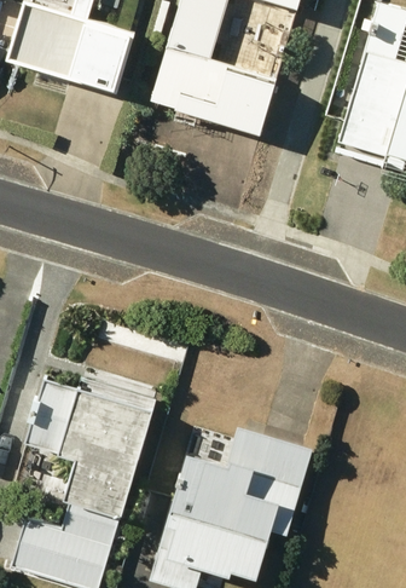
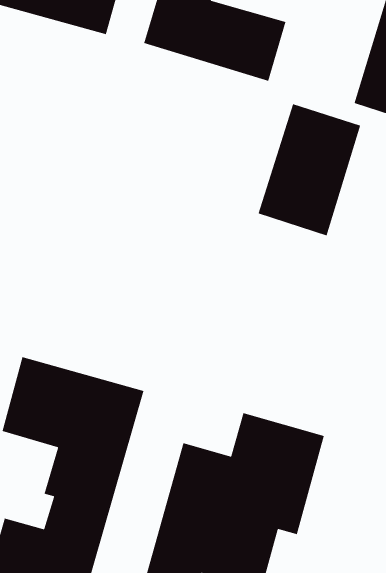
building: none -> [257,103,361,236]

